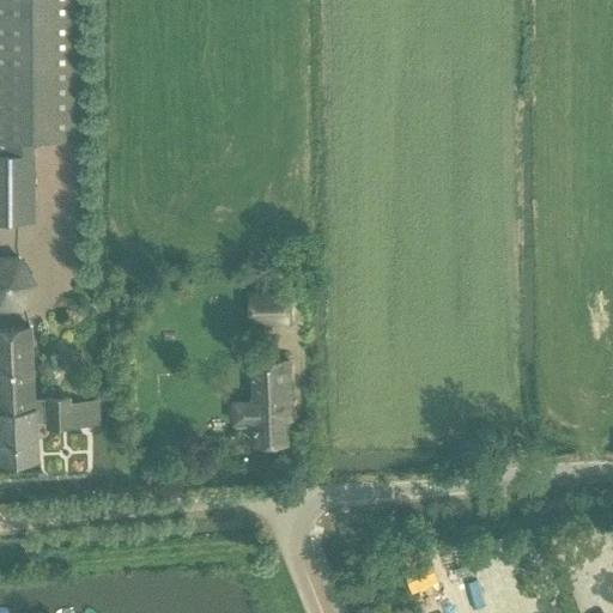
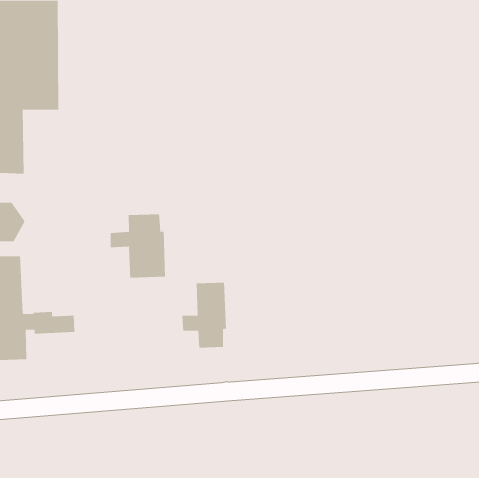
building: none -> [110,214,166,279]
building: [247,296,286,326] -> none

